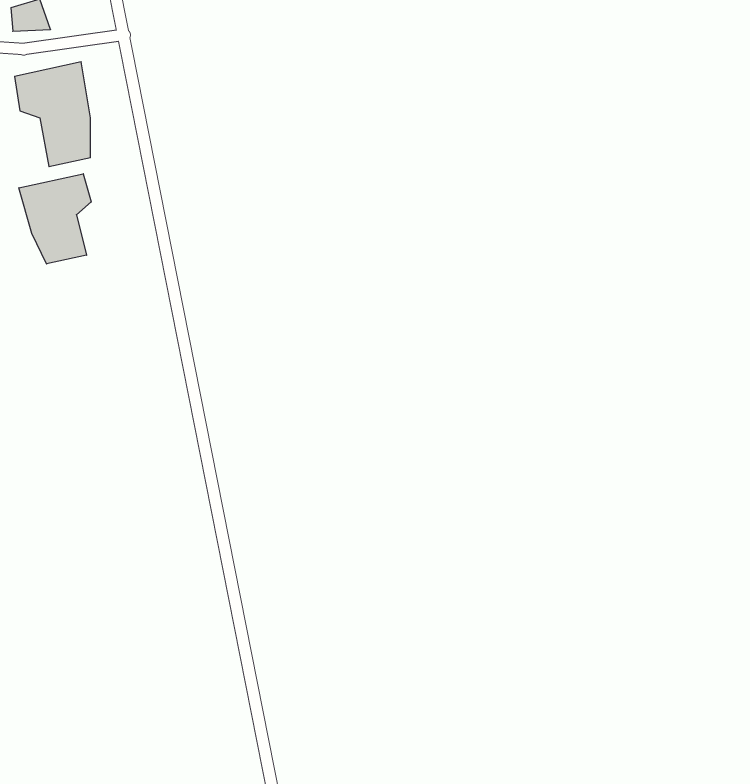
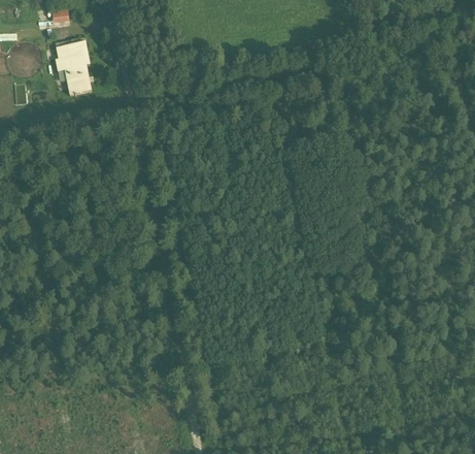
building: [19,174,91,264] -> none

